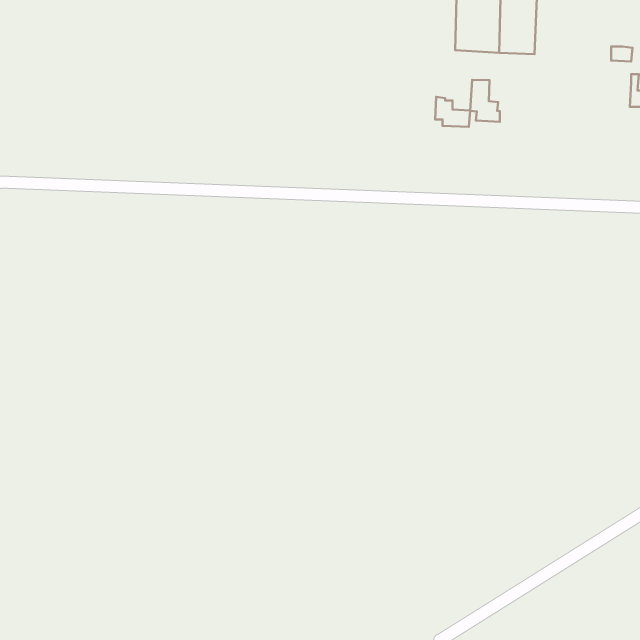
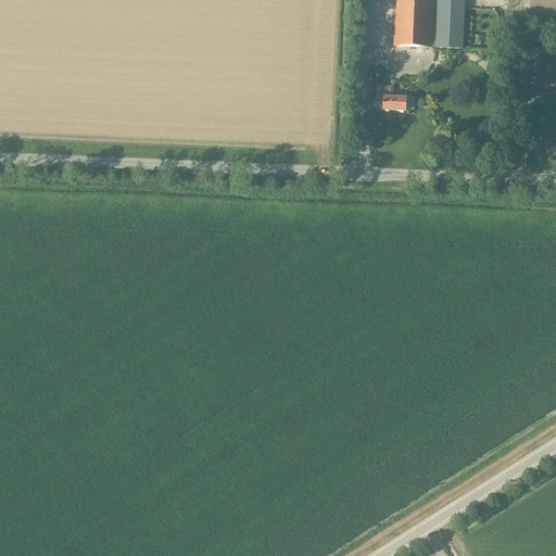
building: [470,80,500,122] -> none

